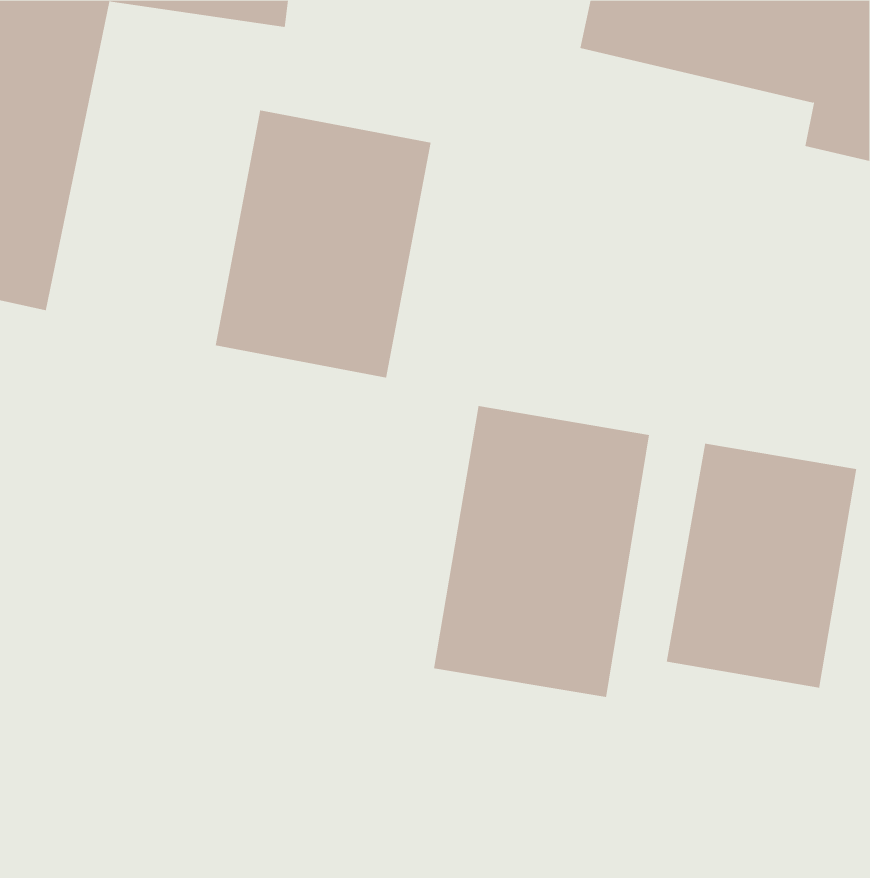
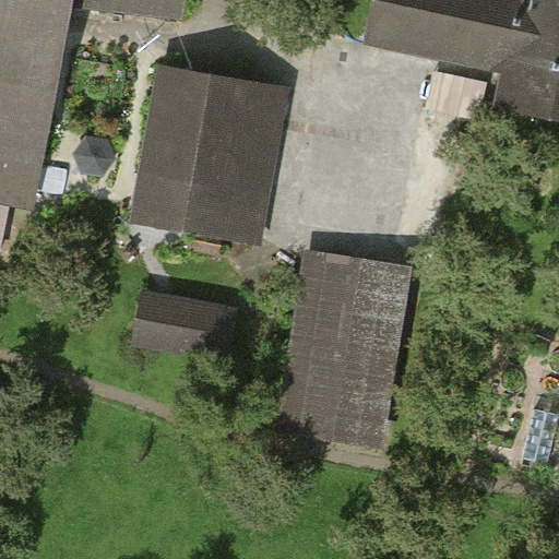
building: [666,443,857,688] -> none
building: none -> [134,296,236,362]

